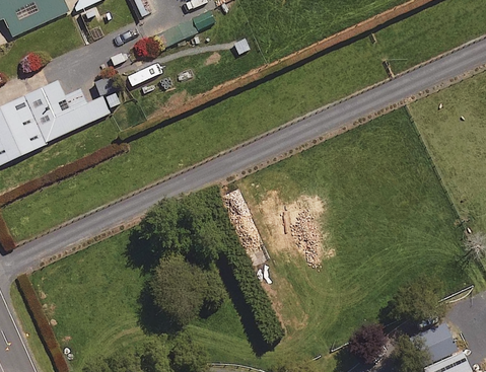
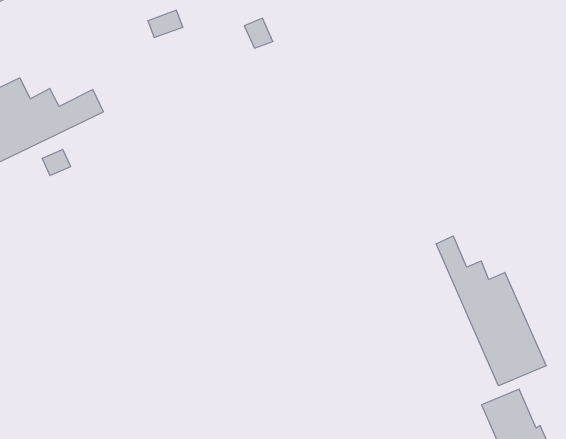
building: none -> [436,236,546,386]

